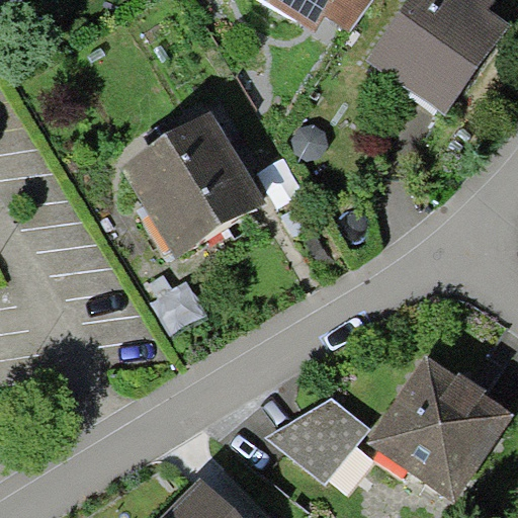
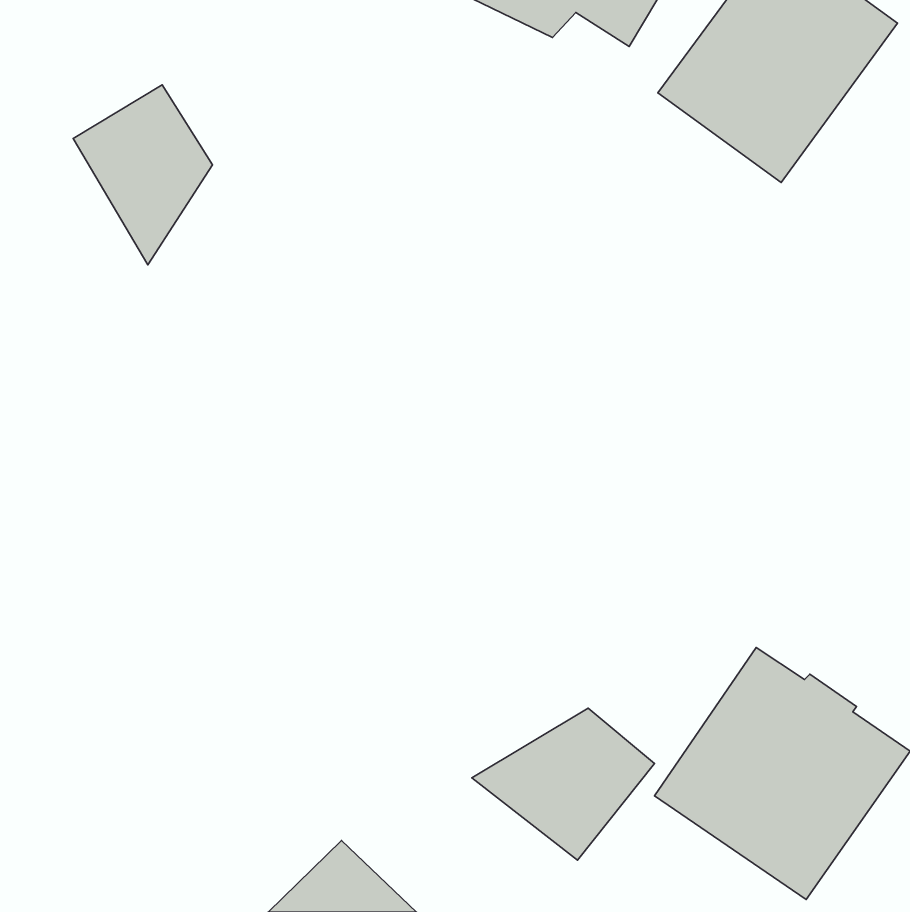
building: none -> [73,85,212,265]
building: [118,112,251,244] -> none

